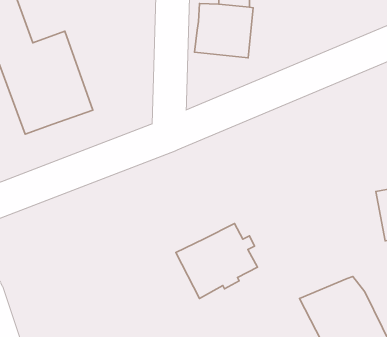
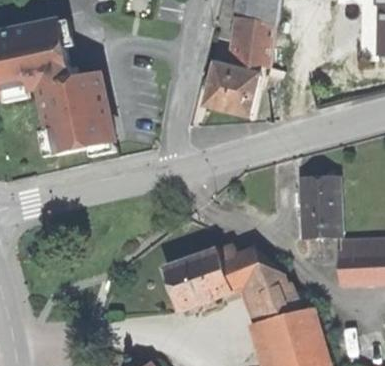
building: none -> [298,176,338,238]
building: none -> [232,249,302,321]

